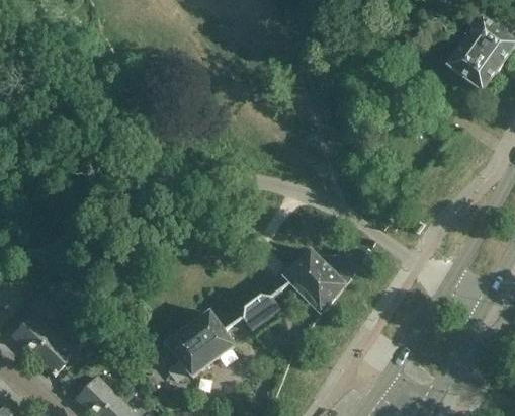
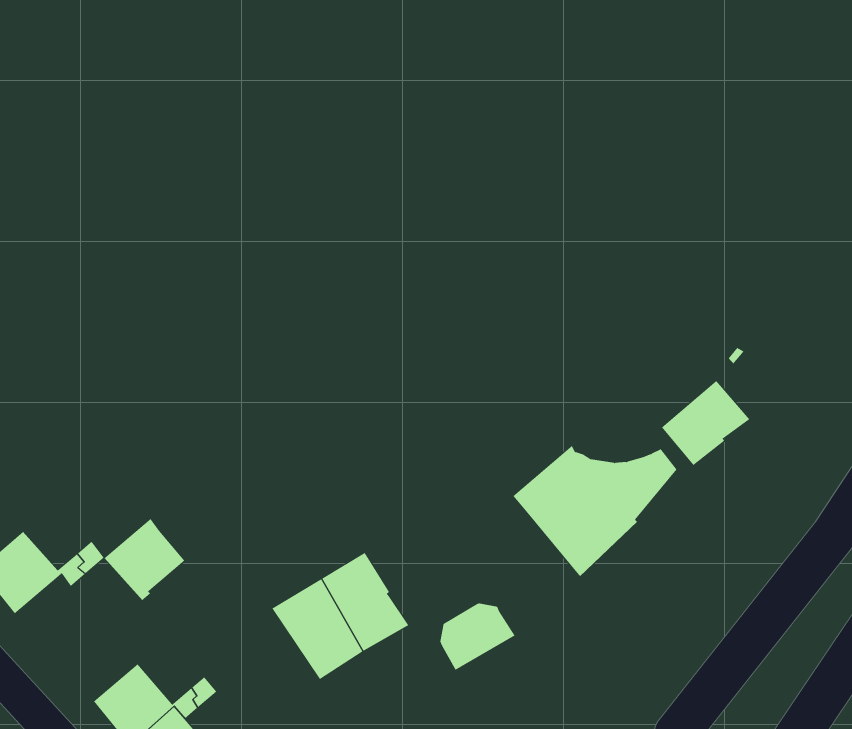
building: none -> [661,380,750,466]
building: [242,295,280,330] -> [440,603,515,671]
building: [33,333,75,376] -> [104,518,185,601]

